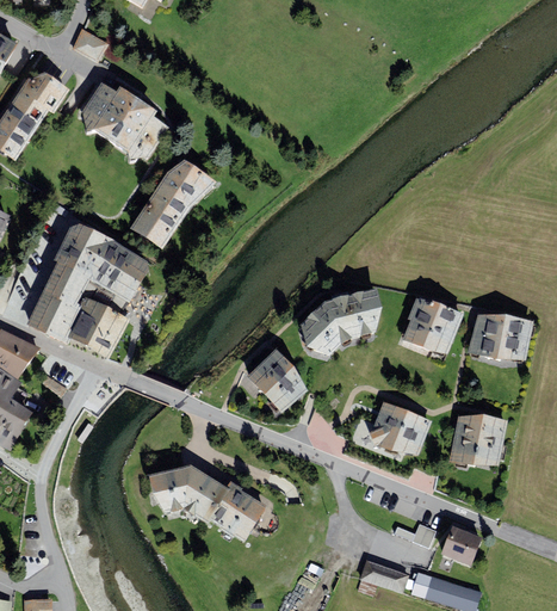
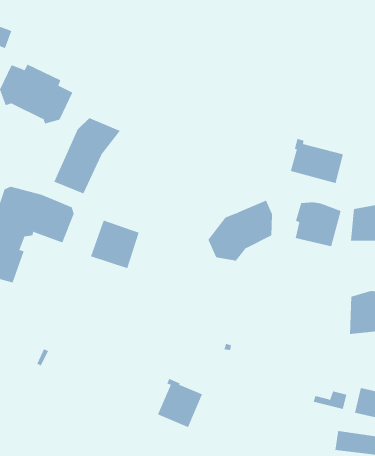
building: none -> [290,138,344,184]
building: [67,296,129,358] -> [90,220,140,269]
building: [246,347,307,413] -> none
building: [369,400,431,455] -> none
building: [147,464,229,523] -> none
building: [359,560,408,593] -> none

